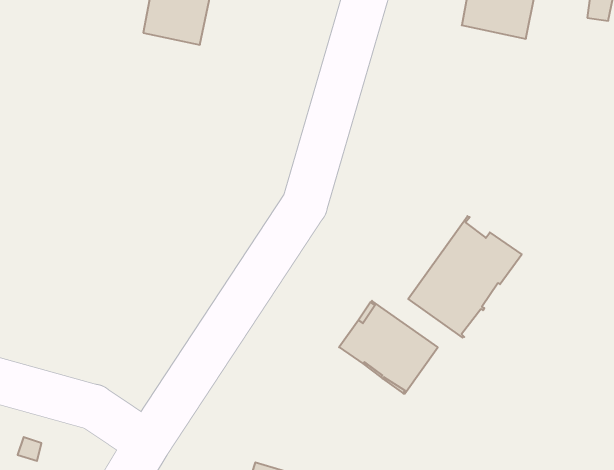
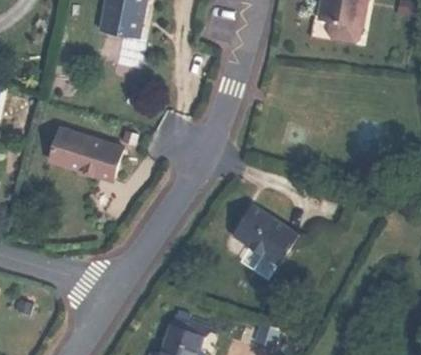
building: none -> [49,127,123,179]
building: [408,216,522,338] -> none

